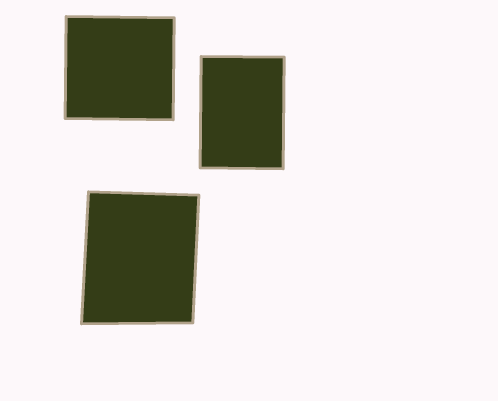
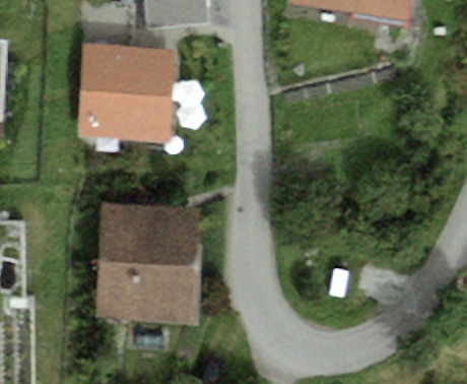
building: [200,56,284,169] -> none

